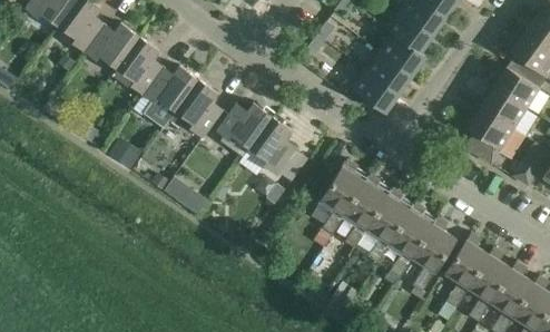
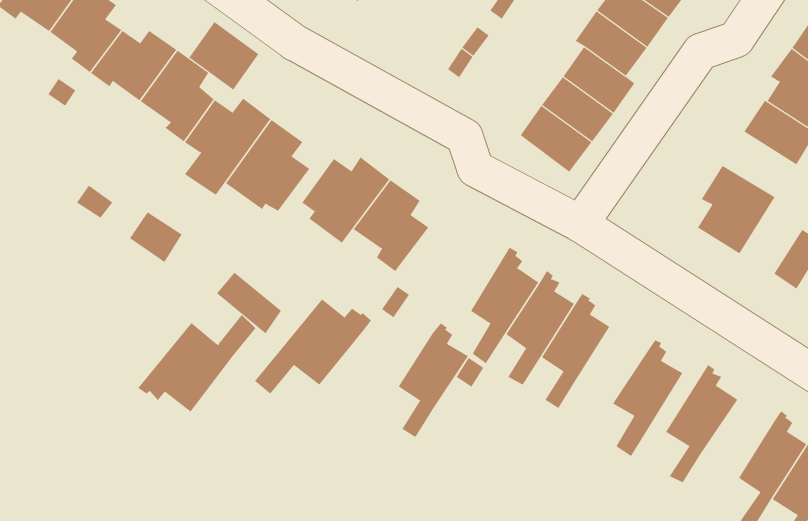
building: none -> [189,21,259,90]
building: [480,87,527,128] -> none
building: none -> [254,298,372,395]
building: none -> [137,314,256,412]
building: [389,203,433,275] -> [398,322,469,438]
building: [466,247,512,322] -> none

